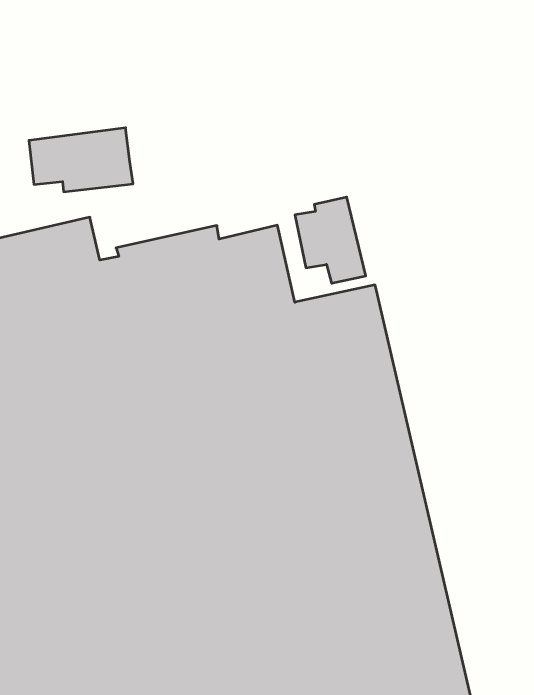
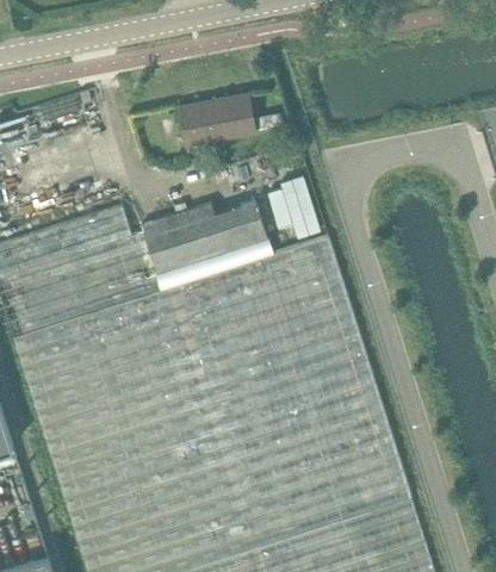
building: [29,128,133,192] -> [180,93,256,142]

